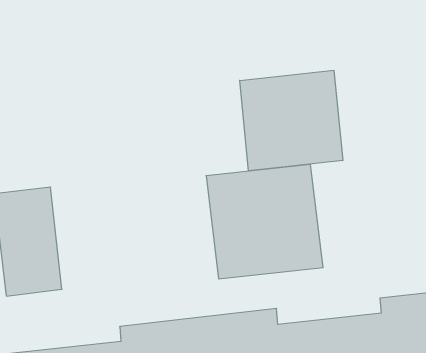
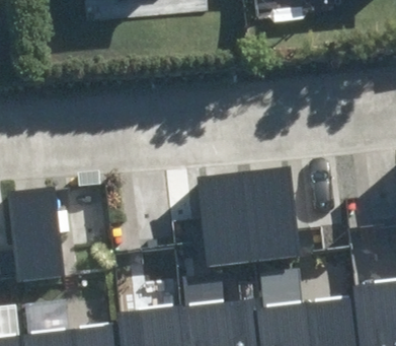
building: [240,70,343,171] -> none

